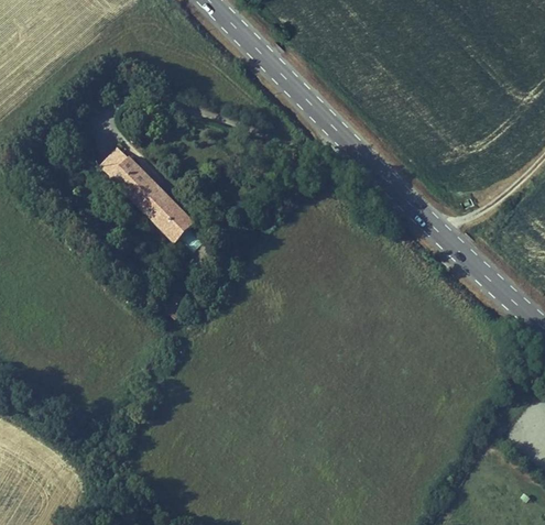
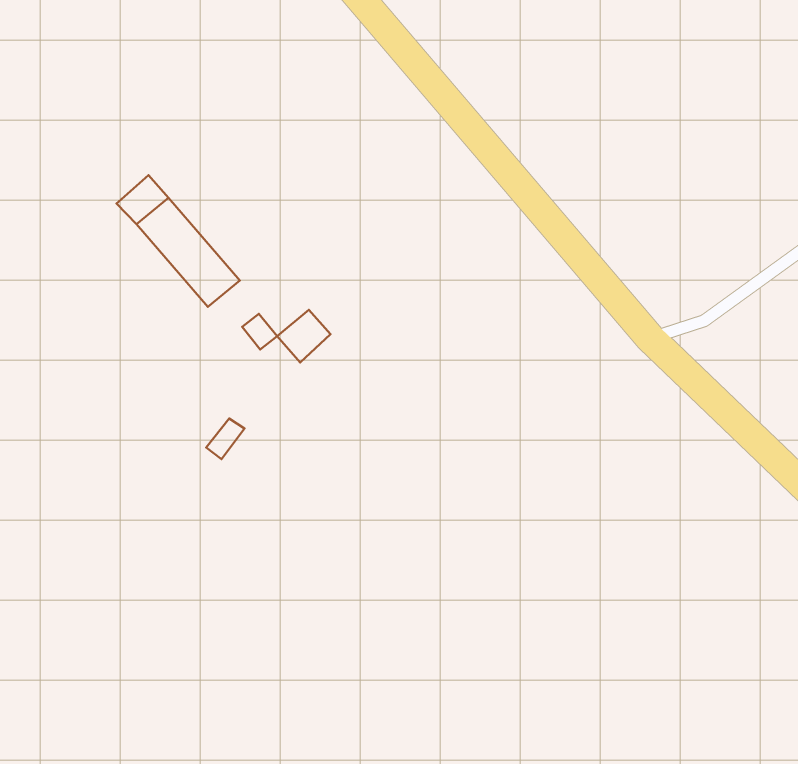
building: [160,208,193,241] -> [277,310,331,363]

